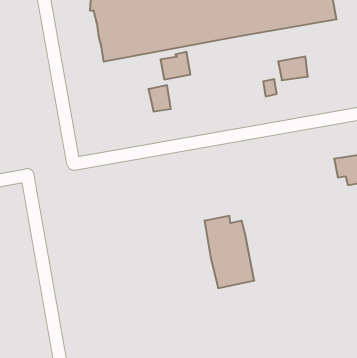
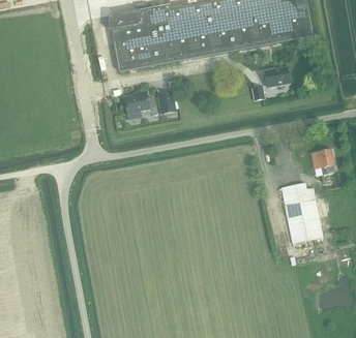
building: [160,52,190,79] -> [124,90,149,113]
building: [204,216,254,288] -> [280,183,322,243]

